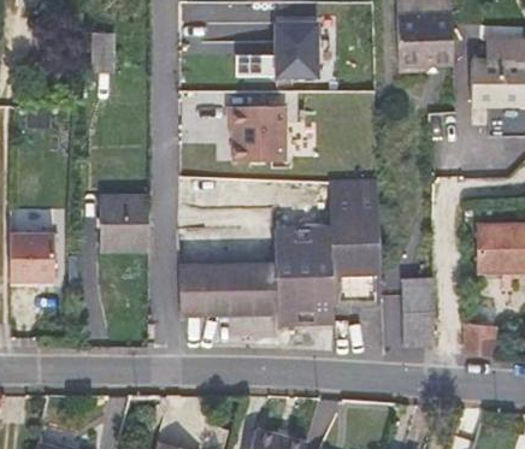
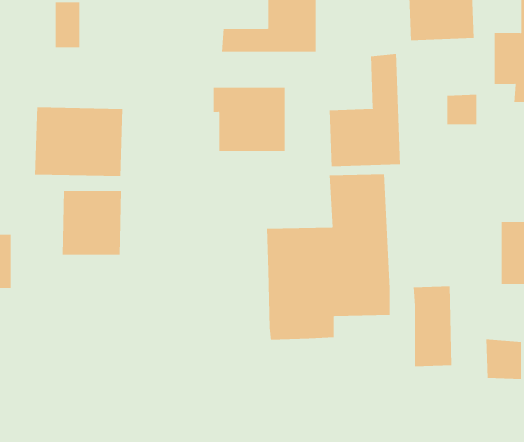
building: none -> [329,53,401,167]
building: none -> [35,107,123,177]
building: [178,264,276,314] -> none

